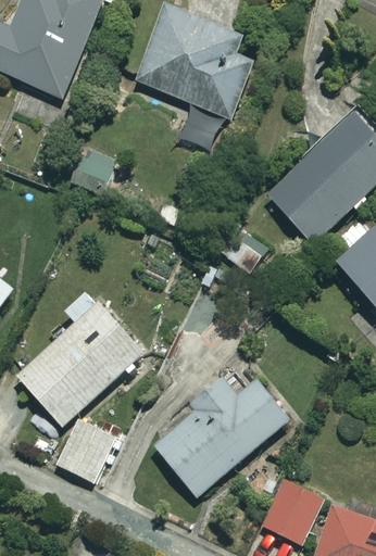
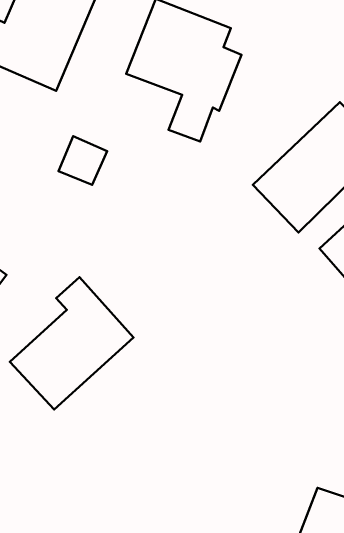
building: [153,377,288,496] -> none
building: [54,415,117,482] -> none
building: [260,479,322,544] -> none

